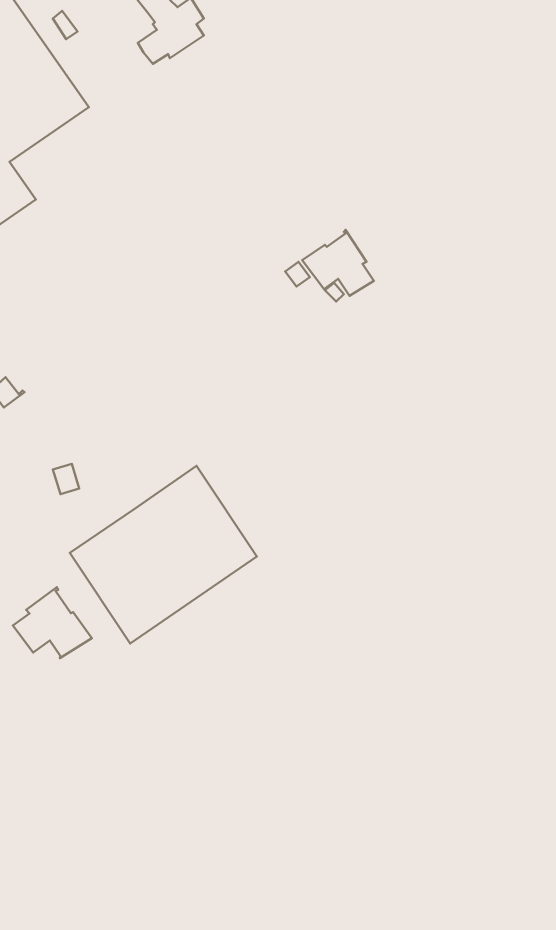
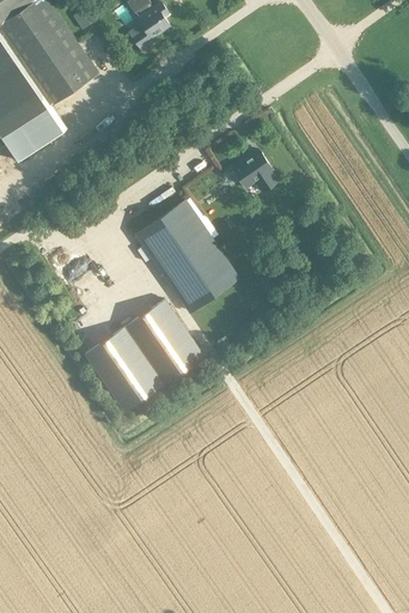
building: none -> [136,201,238,311]
building: [13,587,92,658] -> none

